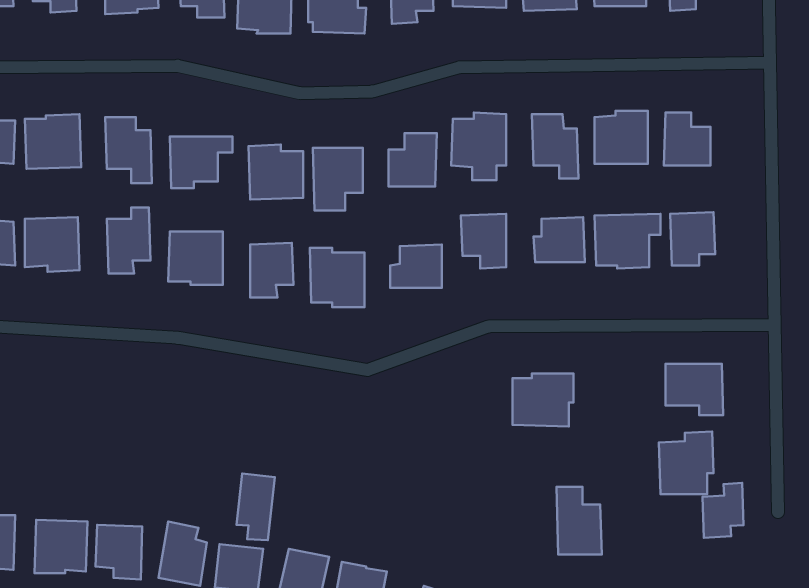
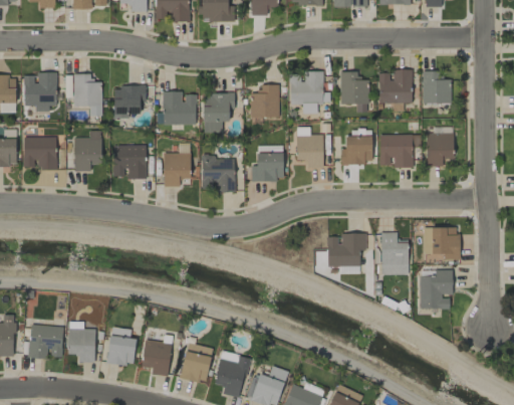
building: [236,474,275,540] -> none
building: [703,483,743,538] -> none
building: [557,487,602,554] -> [380,232,409,274]

